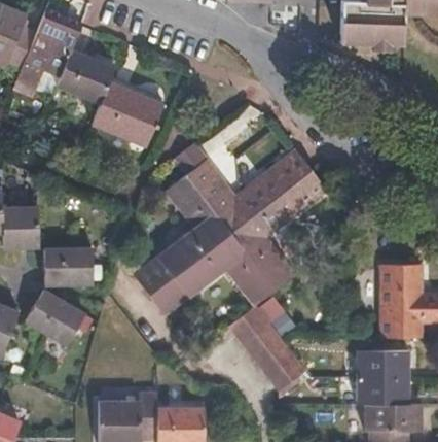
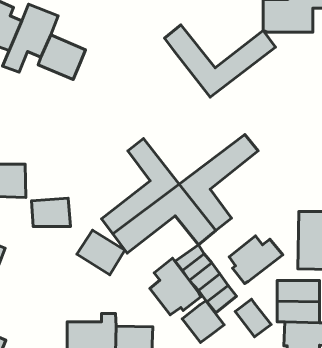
building: [93,80,163,145] -> none
building: [176,142,314,232] -> [164,25,276,97]
building: [29,287,88,343] -> [77,230,125,275]
building: none -> [229,236,283,284]
building: none -> [150,258,201,315]
building: none -> [235,299,271,337]
building: none -> [182,301,224,343]

